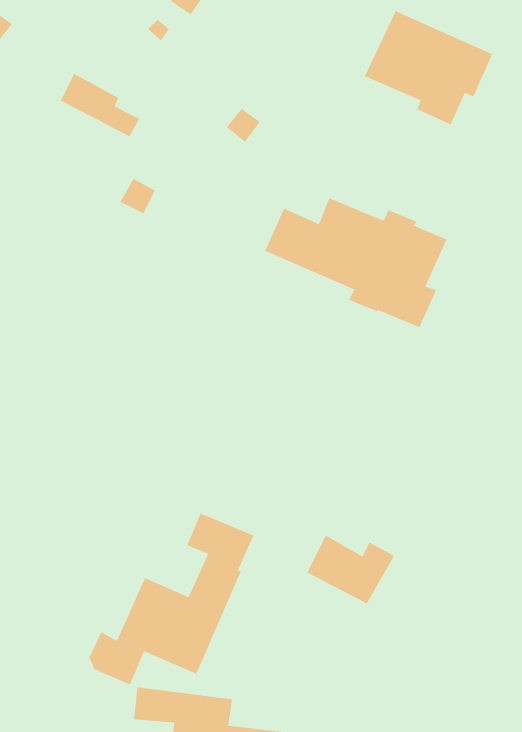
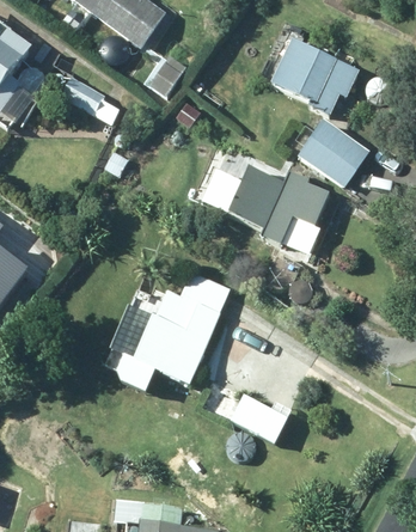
building: none -> [298,118,368,188]
building: [89,512,254,685] -> [115,273,228,391]

